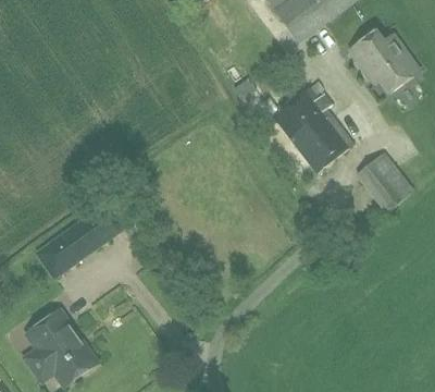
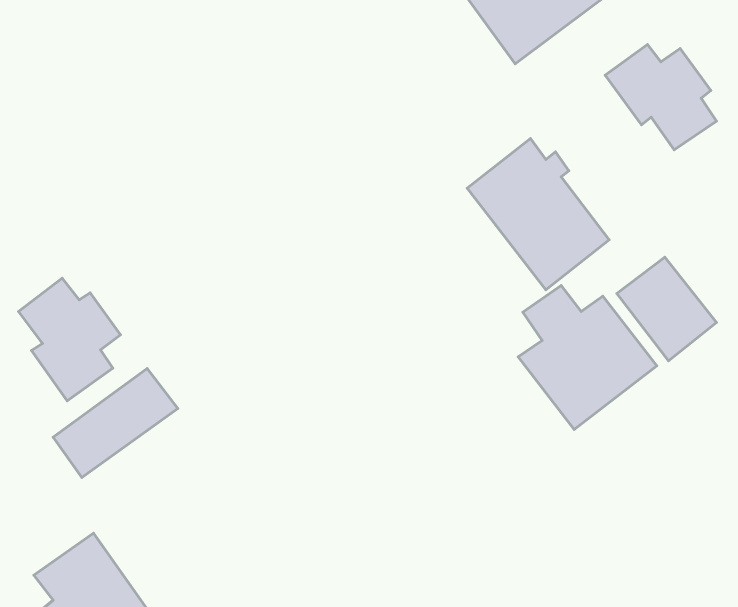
building: none -> [19,278,121,401]
building: none -> [518,285,657,430]

